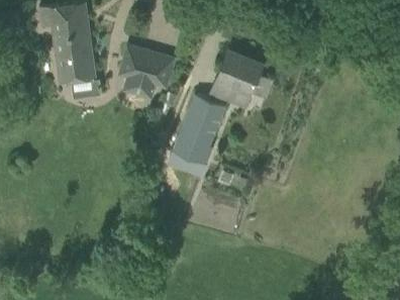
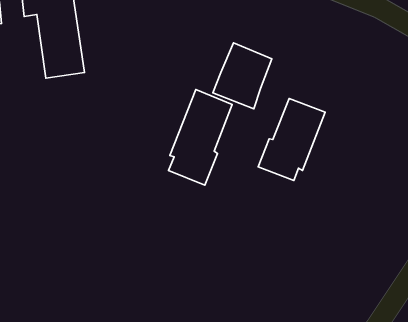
building: [121,46,174,97] -> none
building: none -> [258,98,325,180]

